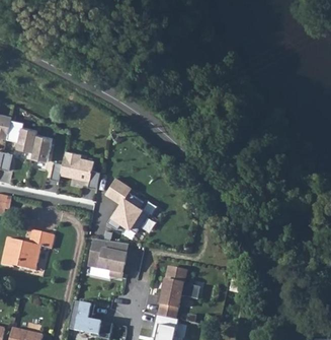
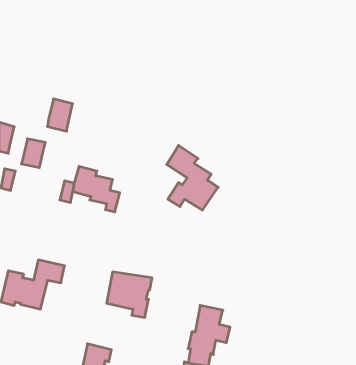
building: [32,133,54,160] -> [47,99,73,131]
building: [106,177,150,231] -> [167,145,218,210]

